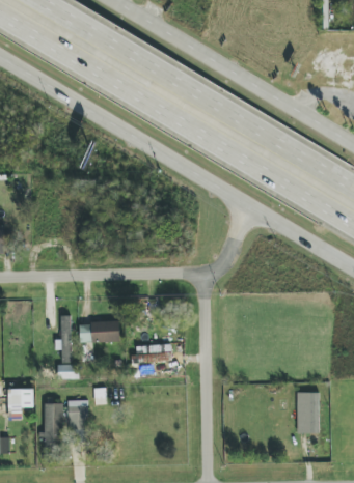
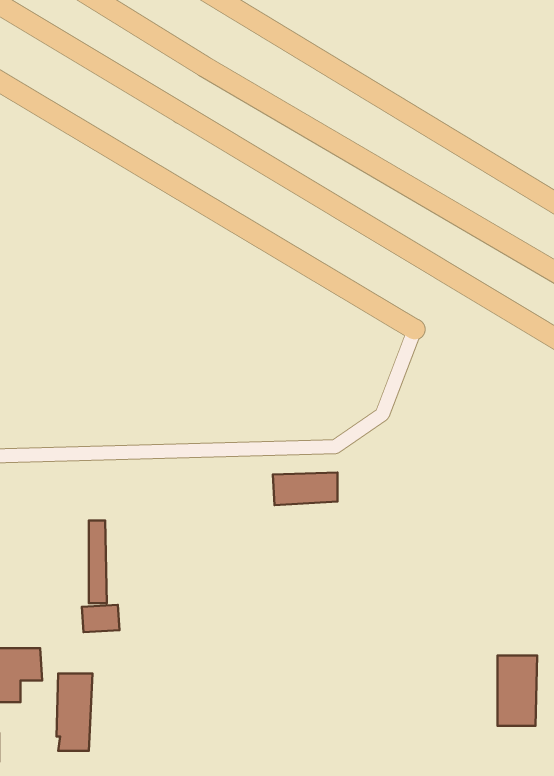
building: [80,321,119,342] -> none
building: [134,344,171,363] -> [273,473,338,505]
building: [69,400,87,429] -> none

